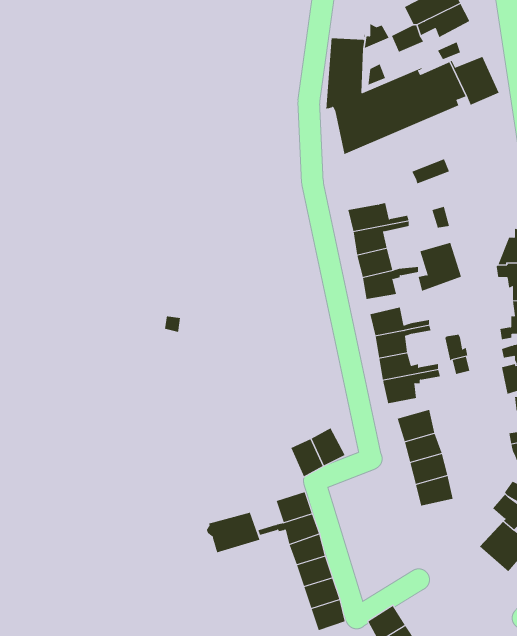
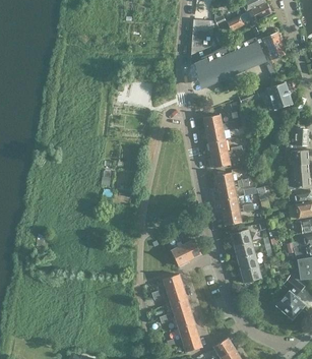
building: [418,242,462,291] -> [267,83,292,111]
building: [206,512,260,553] -> none

